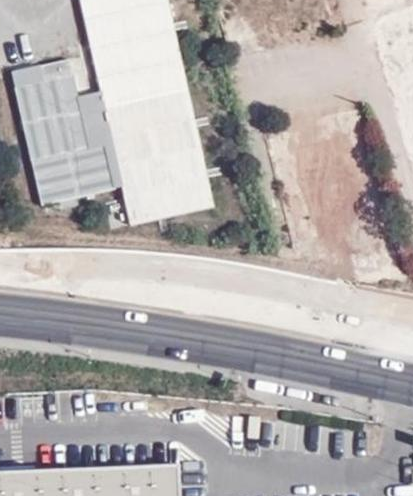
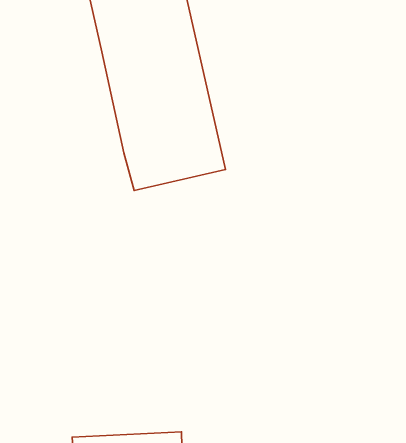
building: [9,57,120,207] -> none

